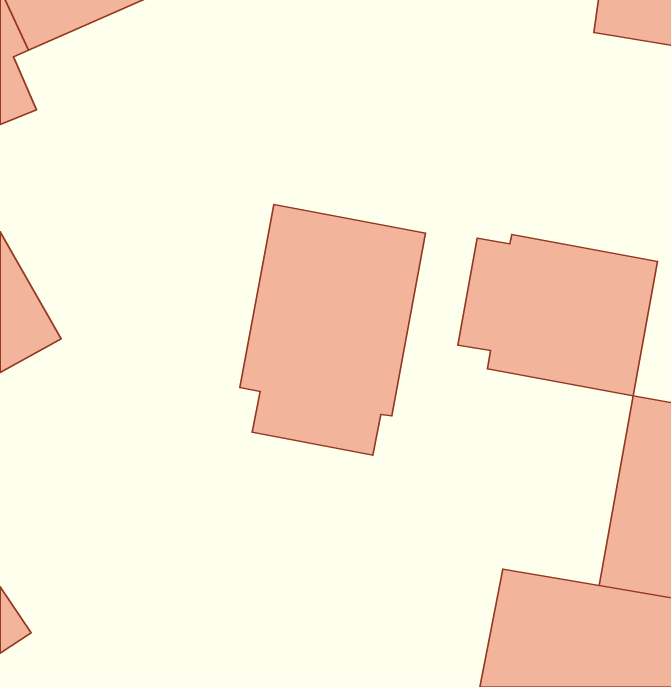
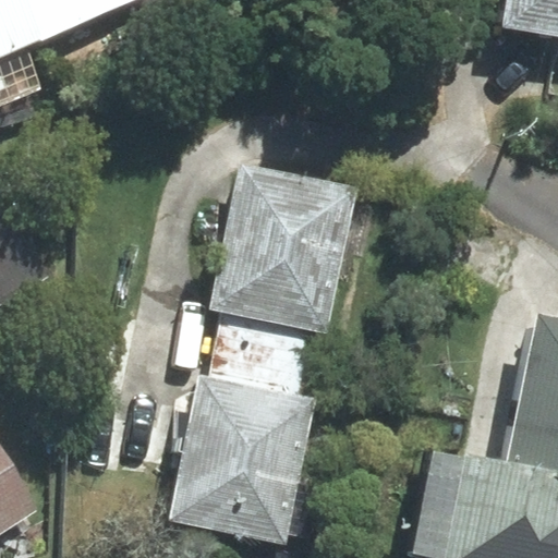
building: [458,234,658,396] -> none
building: none -> [167,348,317,546]

